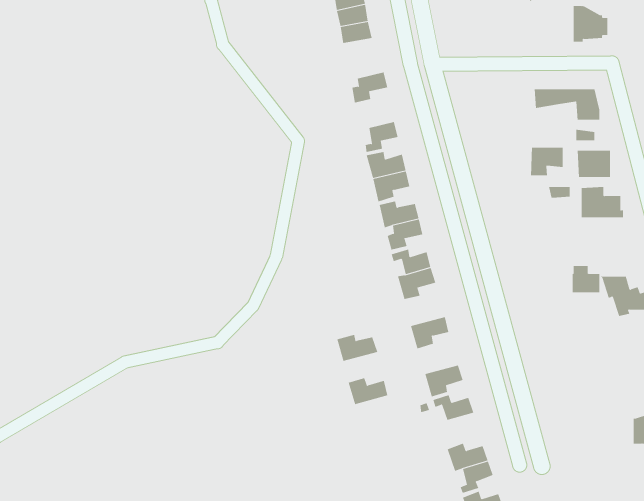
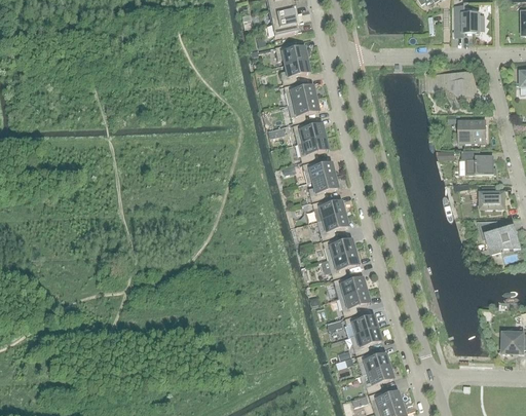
building: none -> [275,42,307,63]
building: none -> [285,81,315,103]
building: [530,147,563,176] -> none
building: [572,266,600,293] -> [482,185,504,206]
building: [336,334,378,361] -> [323,236,355,258]
building: [348,377,388,405] -> [334,274,366,296]
building: none -> [350,327,381,352]

